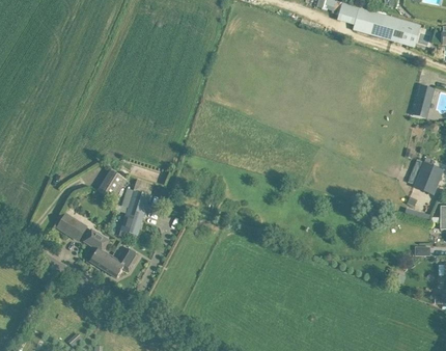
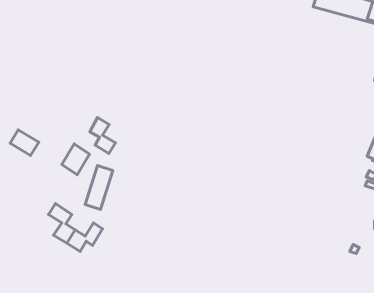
building: none -> [90,118,115,153]
building: [56,214,85,240] -> [10,130,39,156]

